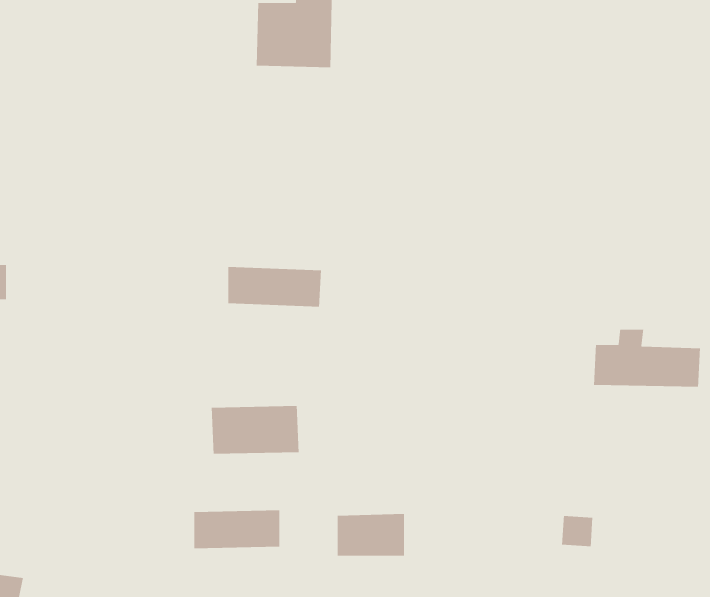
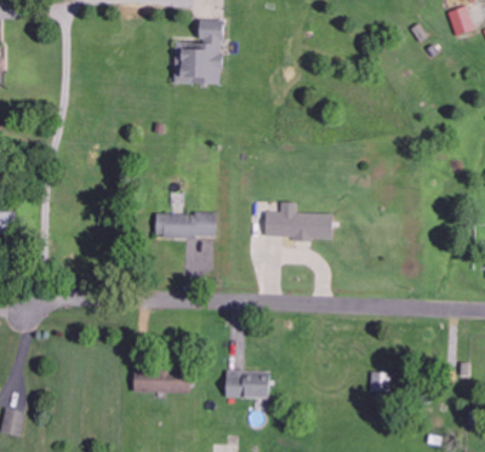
building: [593,329,701,387] -> [264,202,333,240]
building: [211,405,300,455] -> none

